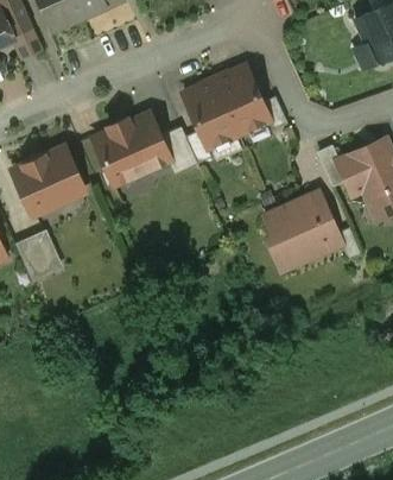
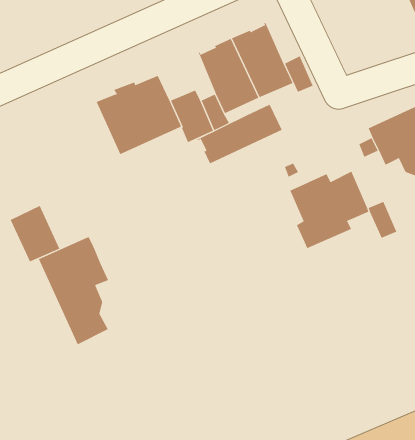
building: none -> [197,104,282,164]
building: [14,147,81,214] -> none
building: none -> [38,236,109,345]

